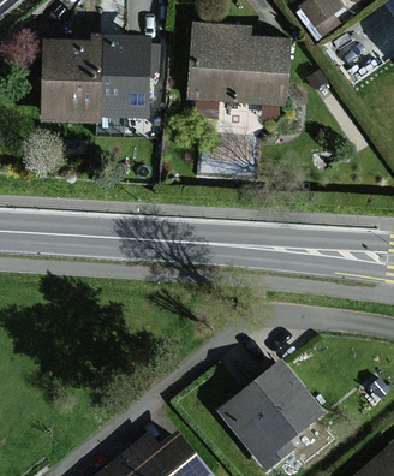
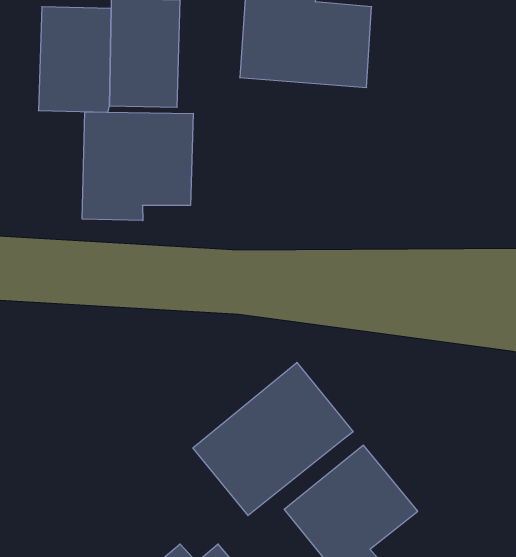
building: none -> [82,112,193,221]
building: none -> [193,362,353,516]

